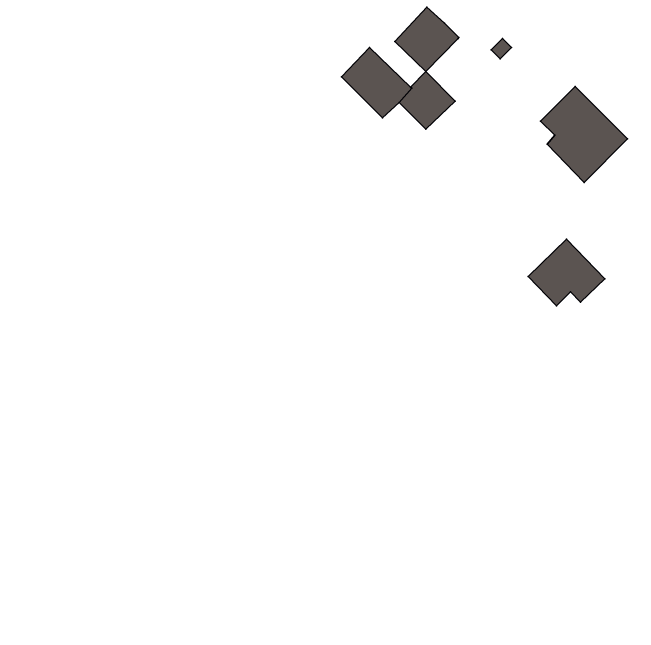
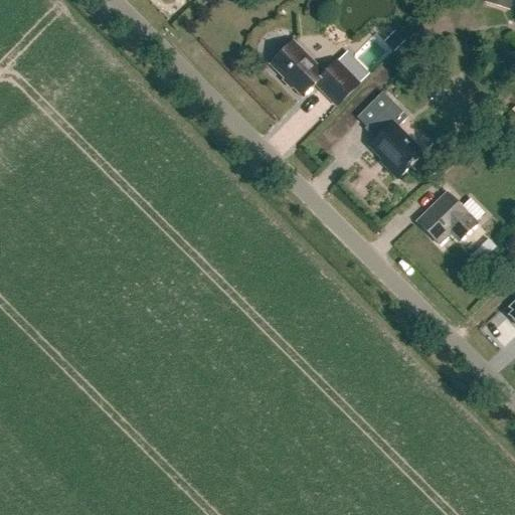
building: [395,7,459,72] -> none
building: [541,86,628,182] -> [363,98,432,173]

